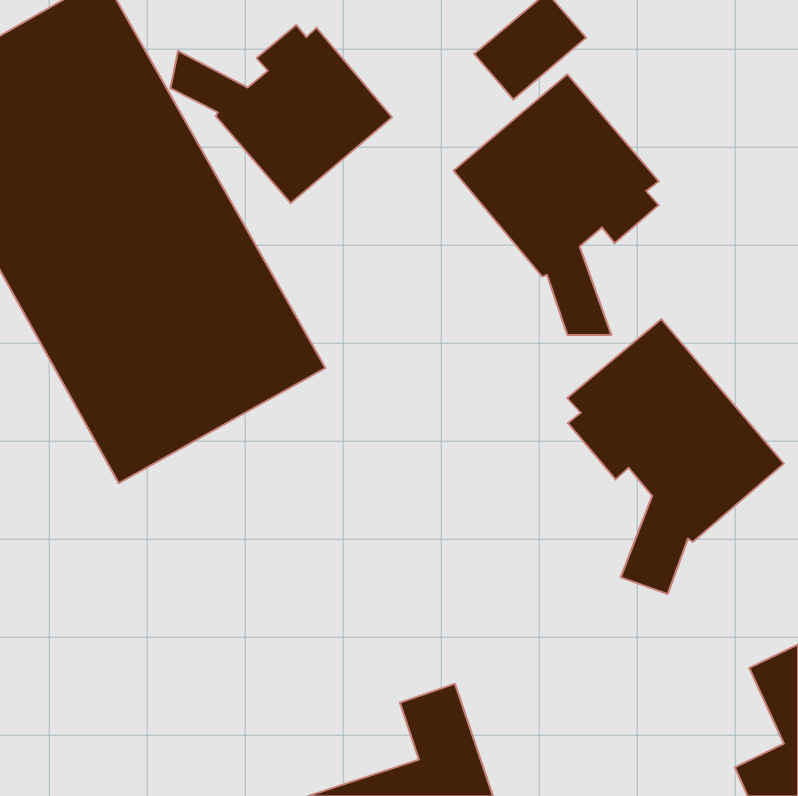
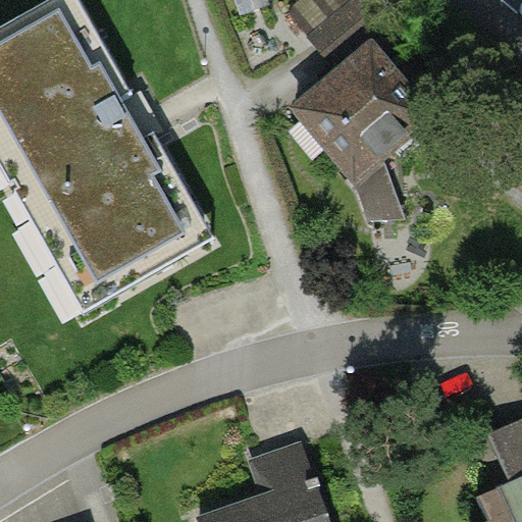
building: [170,25,392,203] -> none
building: [567,319,784,594] -> none

